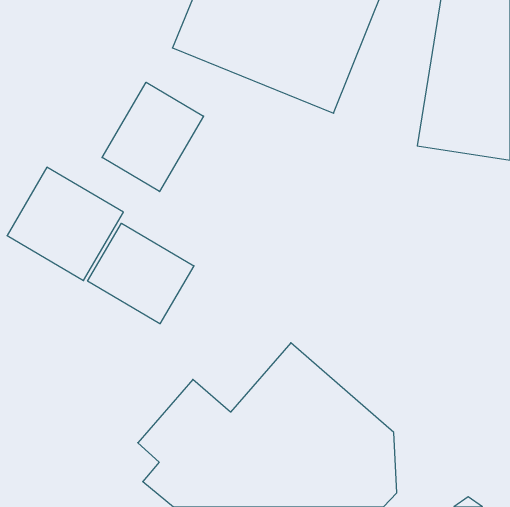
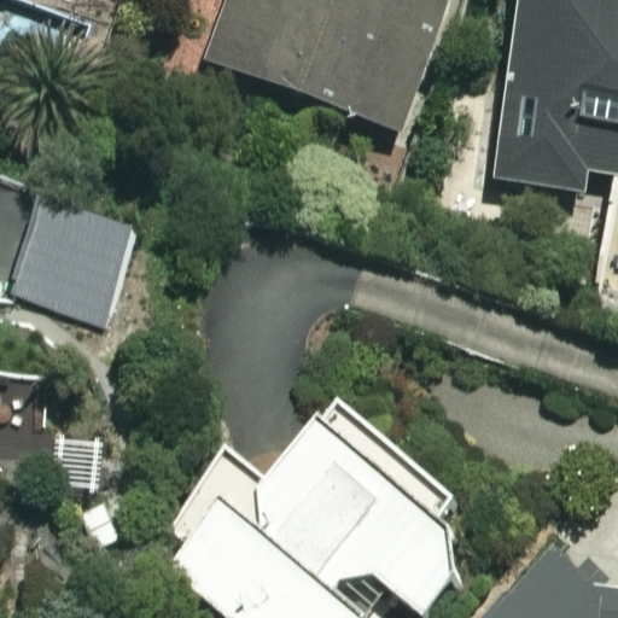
building: [102,82,204,192] -> none
building: [88,223,194,324] -> none

